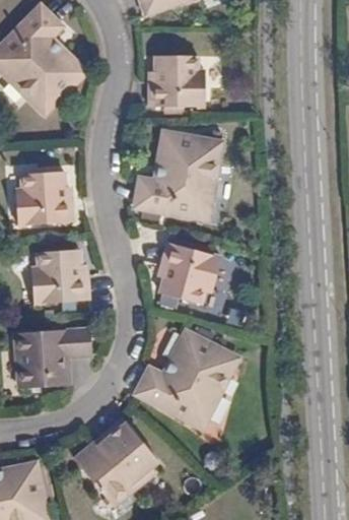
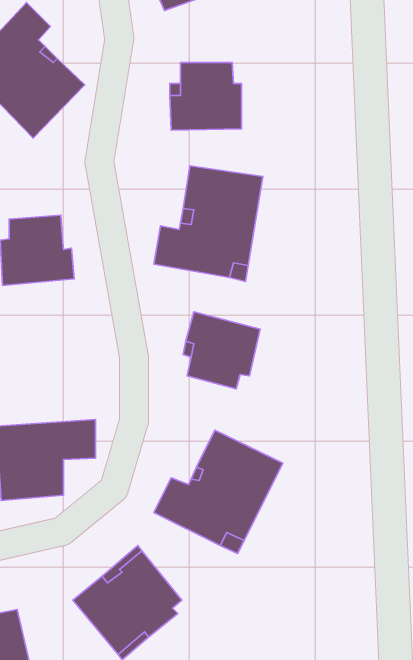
building: [34,246,92,300] -> none

